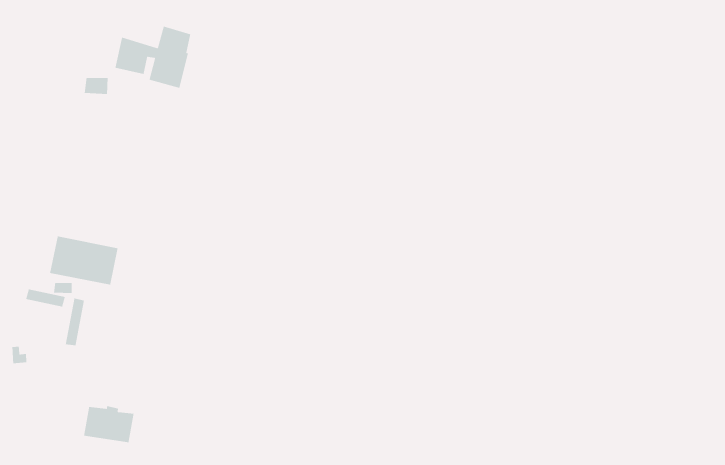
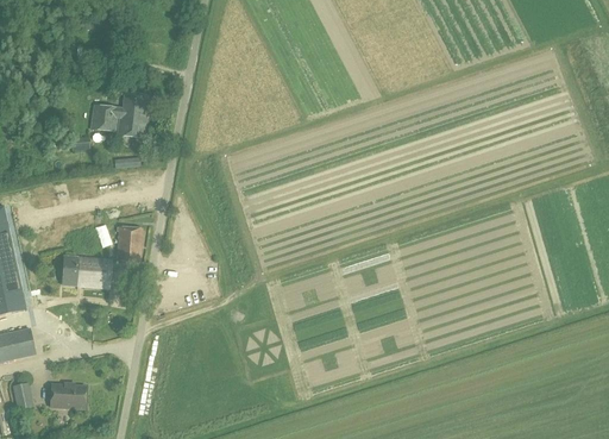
building: none -> [117,226,140,261]
building: [83,405,134,443] -> [50,382,86,408]

